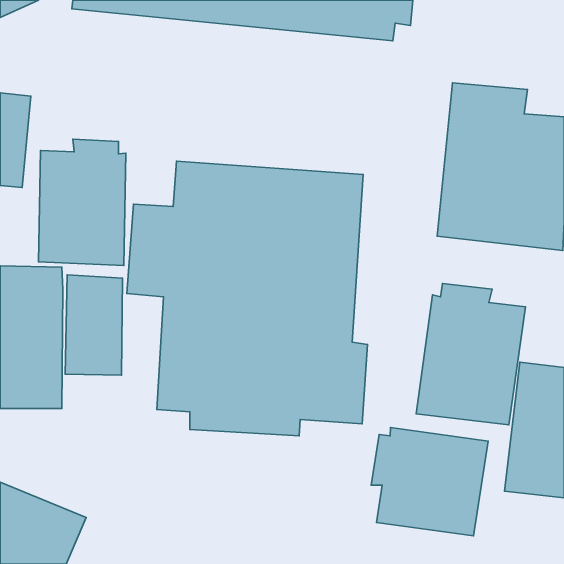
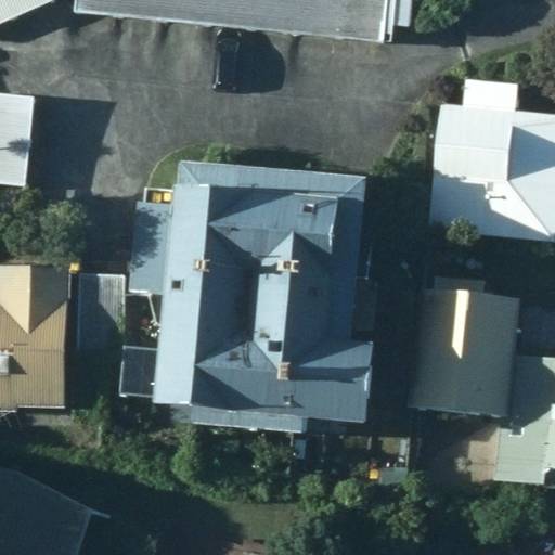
building: [38,139,126,265] -> none
building: [371,427,488,536] -> none

